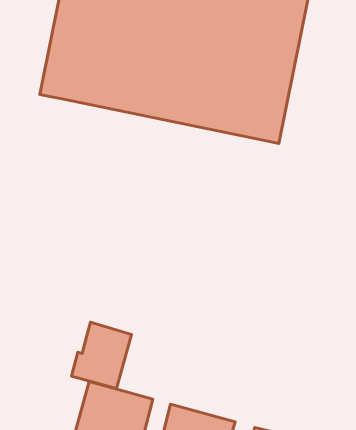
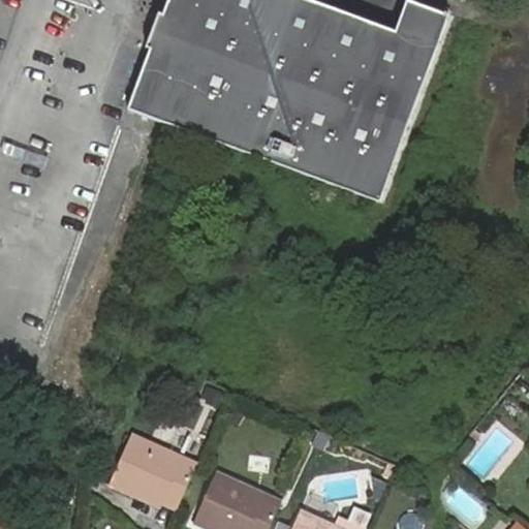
building: [72,322,131,389] -> none

